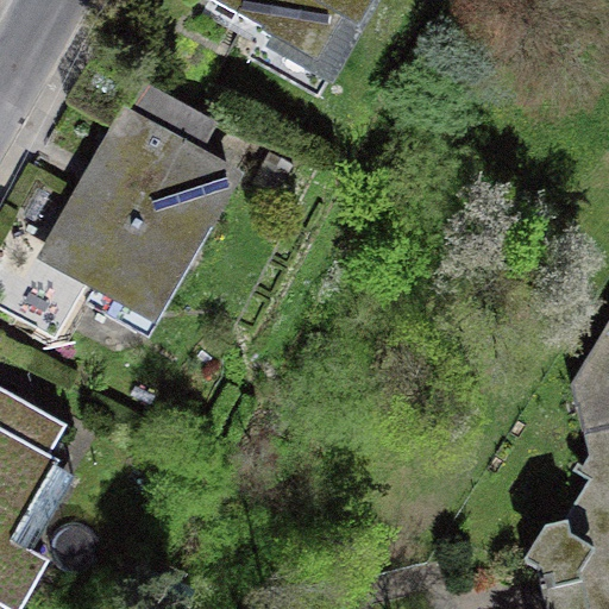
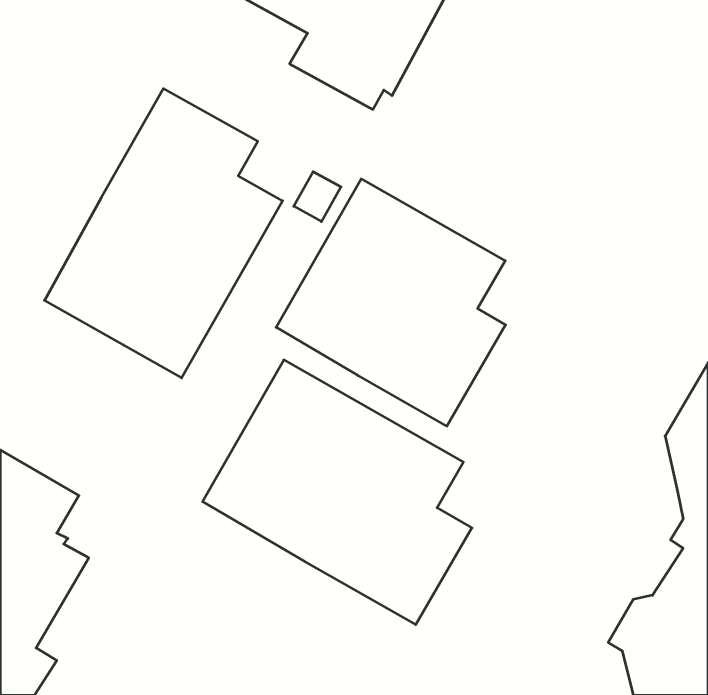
building: none -> [276,179,506,426]
building: none -> [203,360,472,625]

